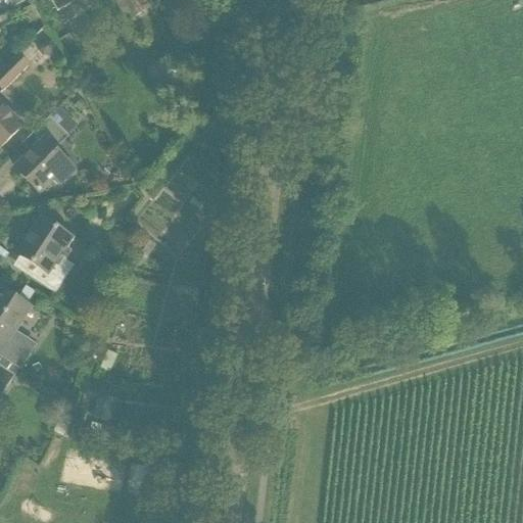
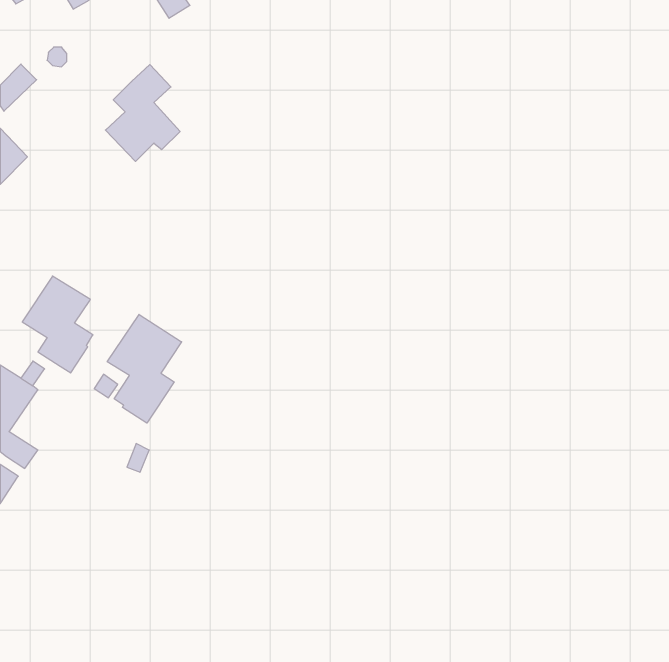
building: [14,113,73,189] -> [105,65,180,161]
building: none -> [107,314,182,423]

